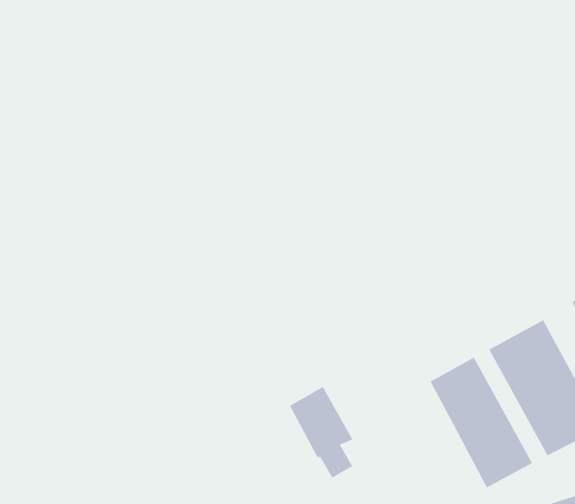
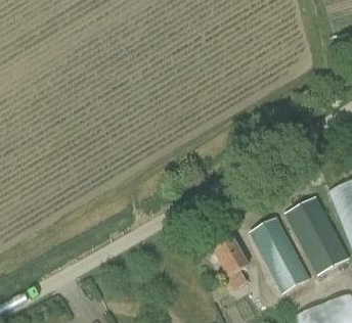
building: [289,386,353,479] -> [210,236,247,289]

